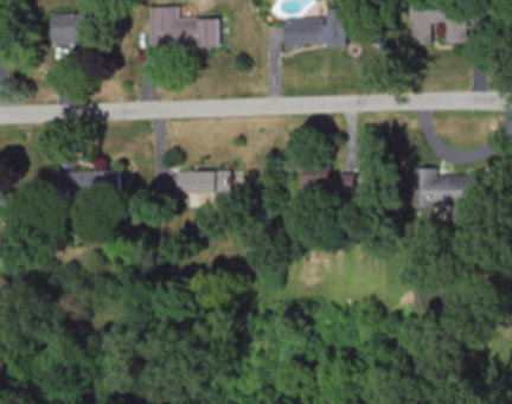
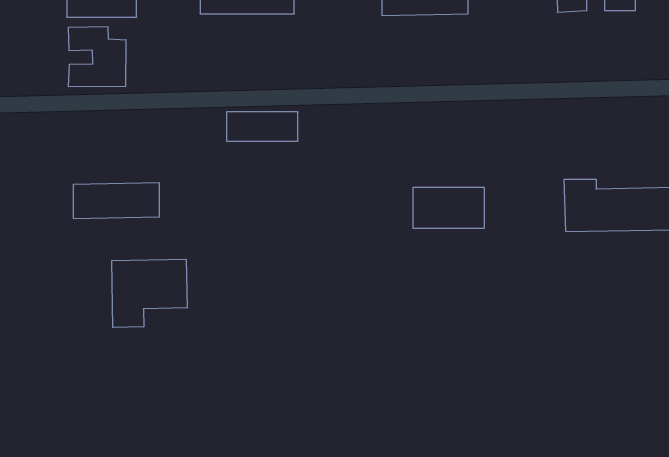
building: none -> [69,27,126,87]
building: [174,171,226,192] -> [227,112,298,141]
building: none -> [112,259,187,328]

